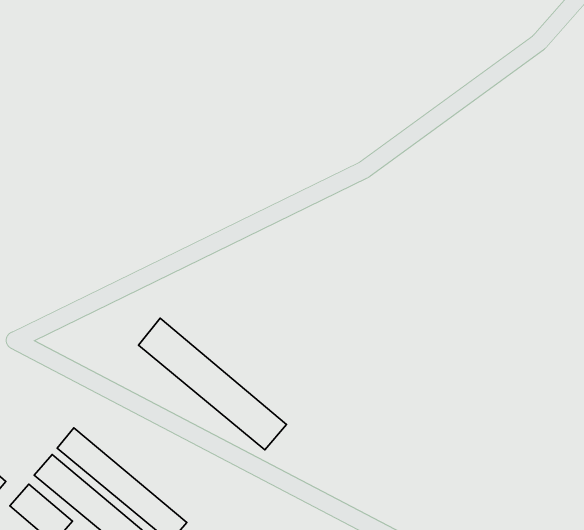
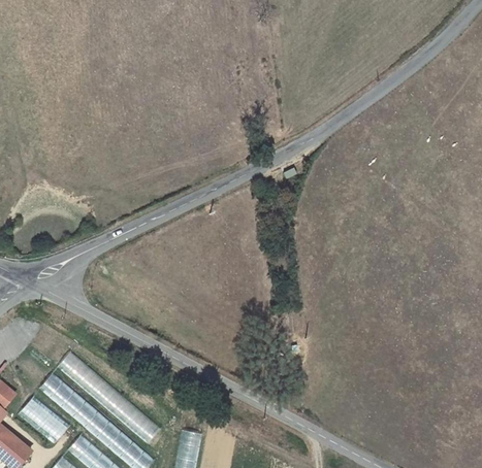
building: [139,318,286,450] -> none

